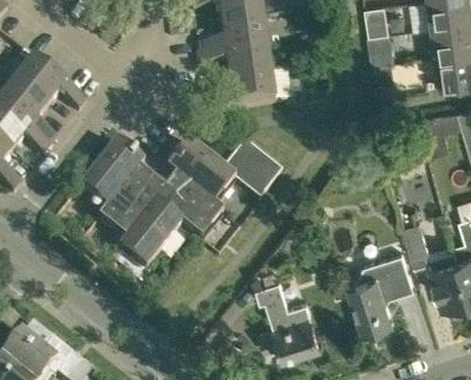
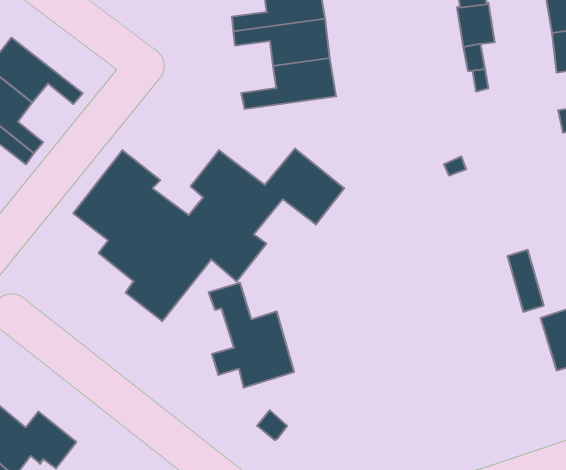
building: [347,250,412,330] -> none
building: [256,278,320,356] -> [209,283,294,388]

